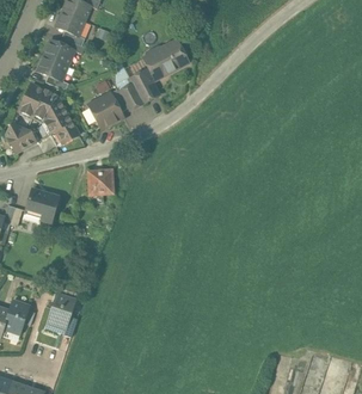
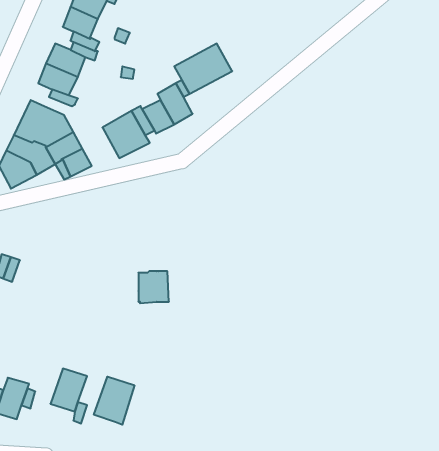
building: [88,170,112,195] -> [138,271,169,303]
building: [24,189,60,221] -> none
building: none -> [94,377,134,425]

